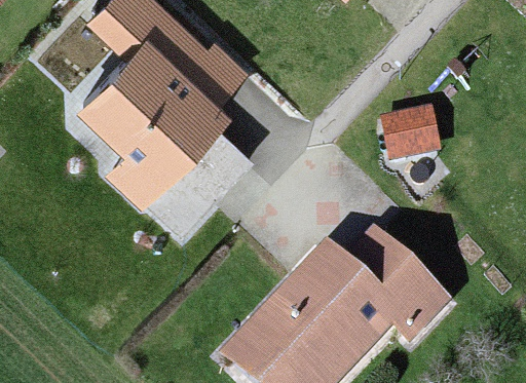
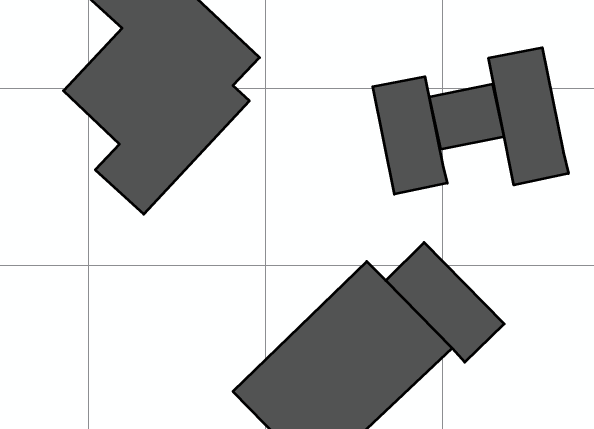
building: none -> [489,48,568,185]
building: none -> [373,77,447,194]

